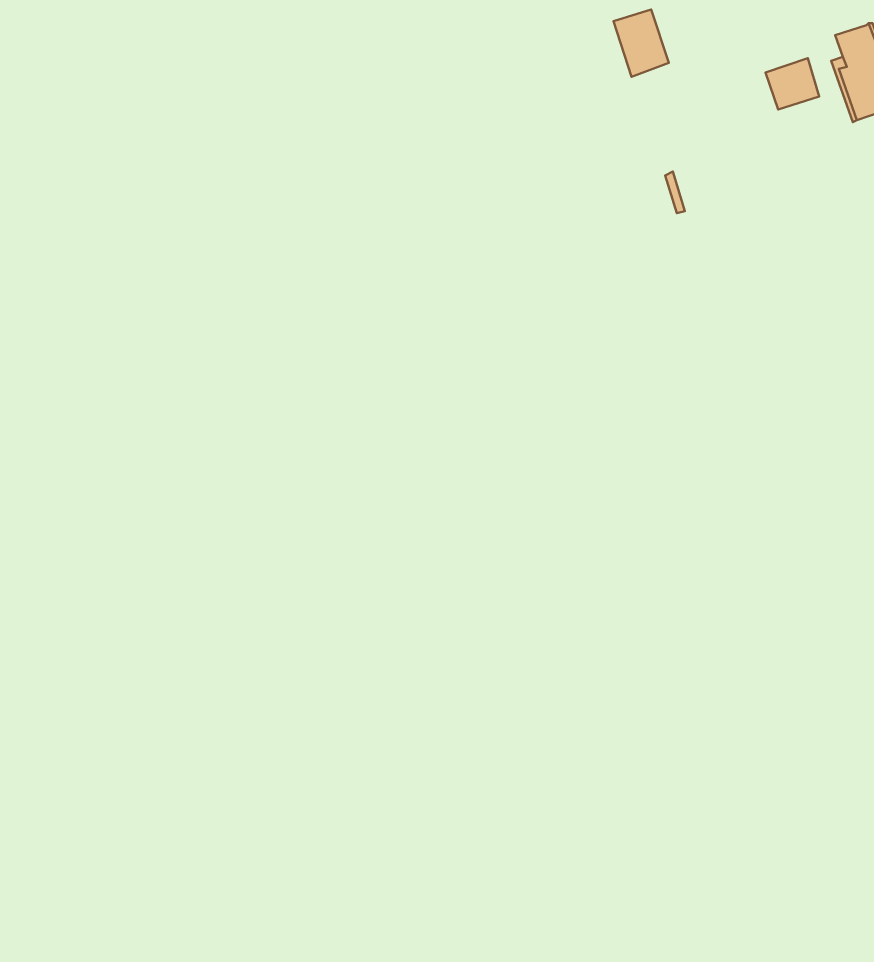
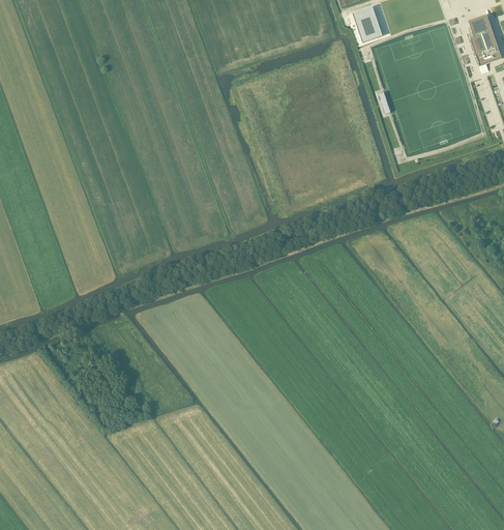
building: [766,58,819,110] -> none

